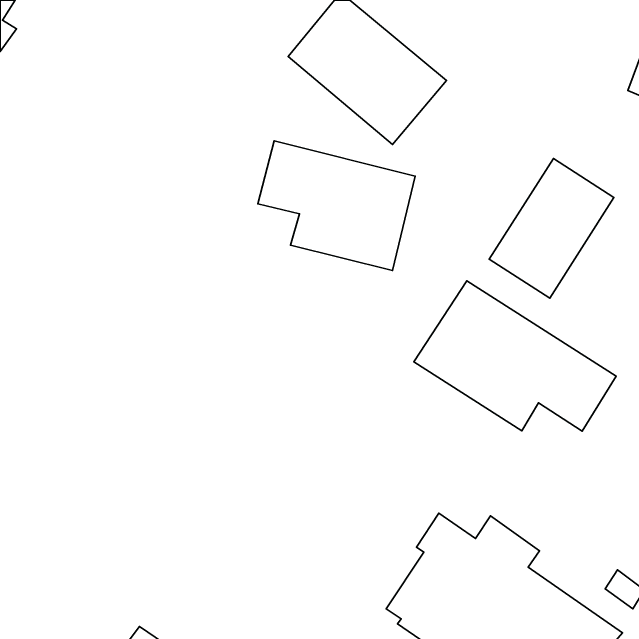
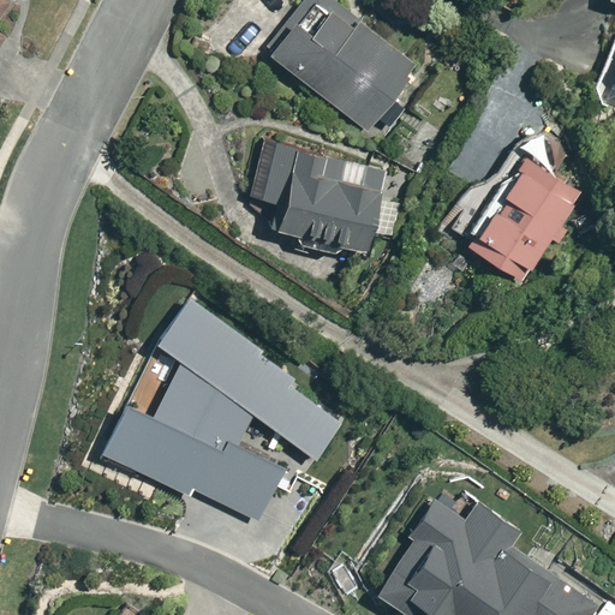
building: [414,281,616,431] -> none
building: none -> [100,291,340,520]

